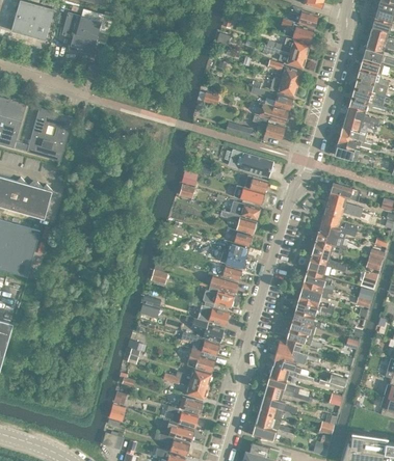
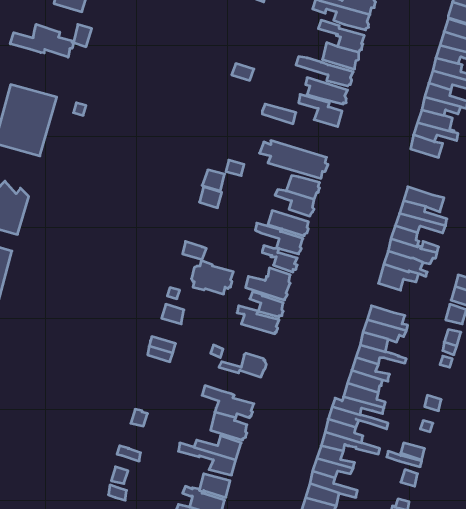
building: none -> [10,24,73,57]
building: [308,255,346,275] -> none
building: [203,287,234,311] -> [191,261,233,294]
building: [191,318,224,343] -> none

